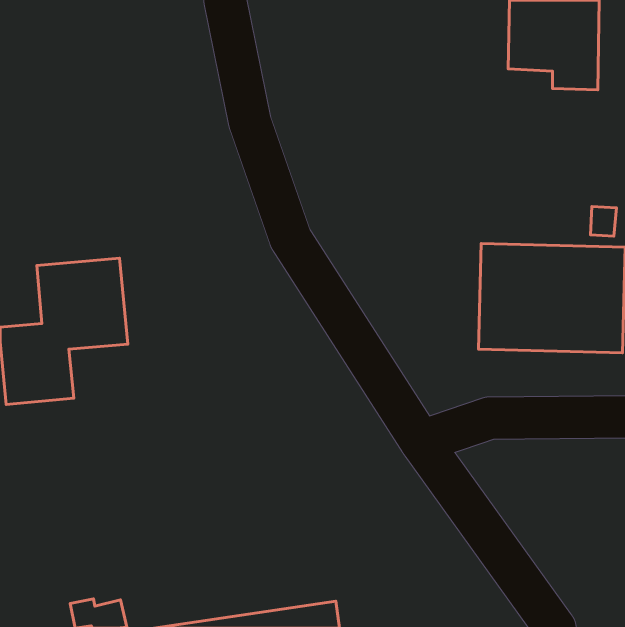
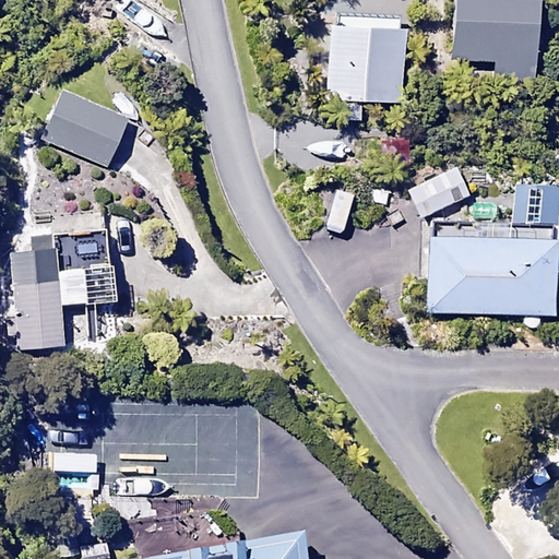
building: none -> [323,14,411,103]
building: none -> [37,88,129,169]
building: none -> [409,164,471,217]

